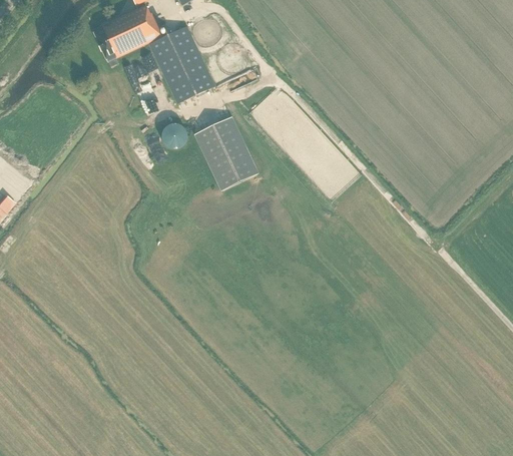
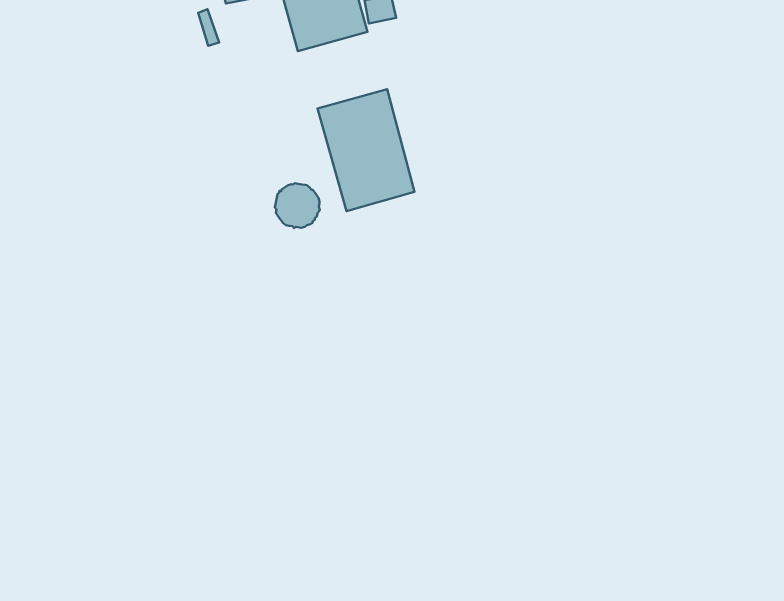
building: [161,122,187,148] -> [275,183,320,228]

